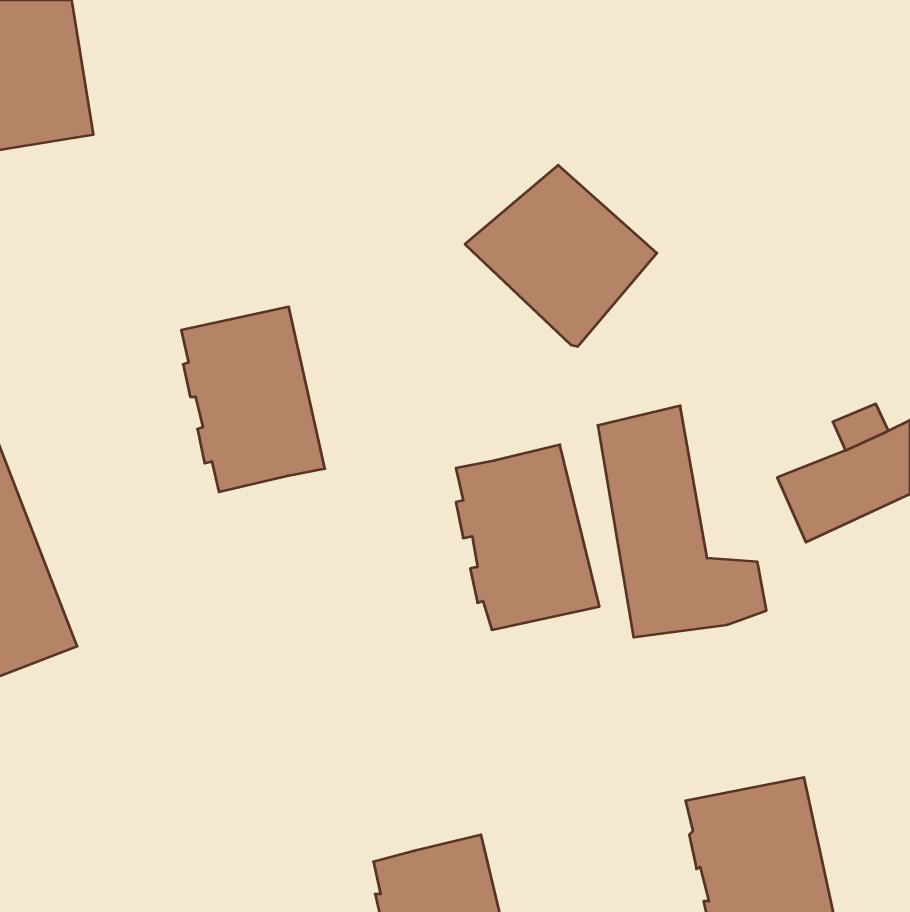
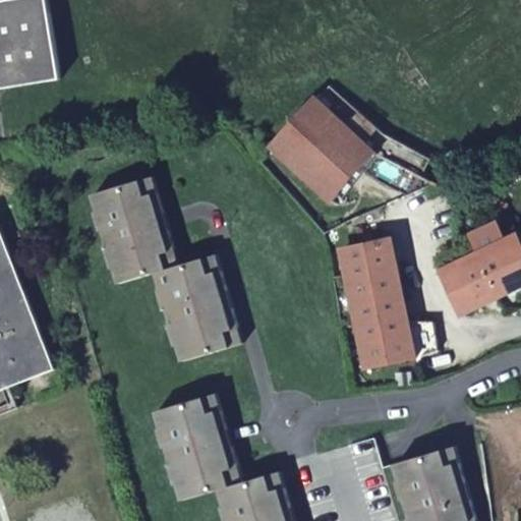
building: [456,445,599,630] -> [163,259,244,364]
building: none -> [153,397,235,501]

